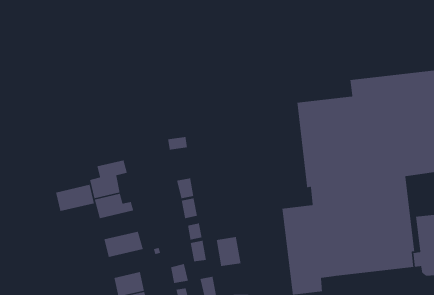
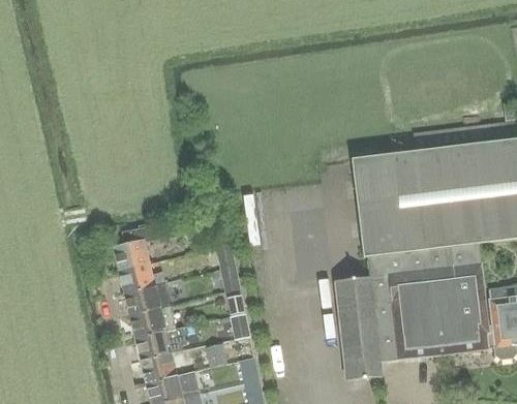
building: [55,184,95,212] -> [124,283,170,315]
building: [216,236,242,267] -> none
building: none -> [134,327,186,360]

